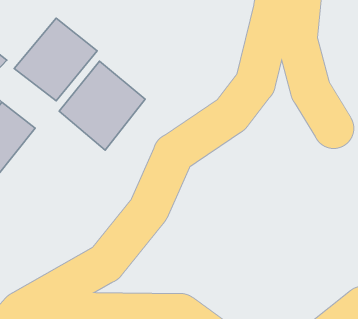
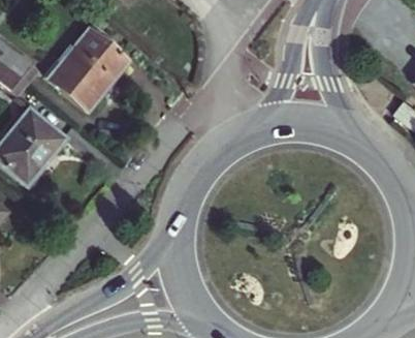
building: [59,61,145,150] -> none

